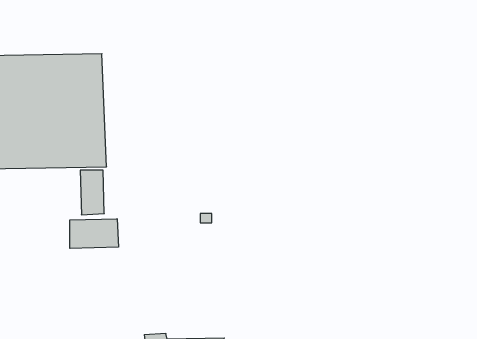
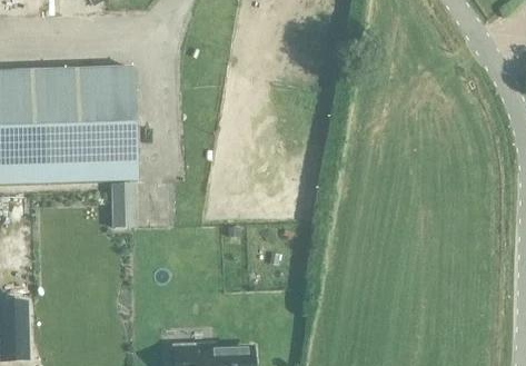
building: [70,219,118,248] -> none

